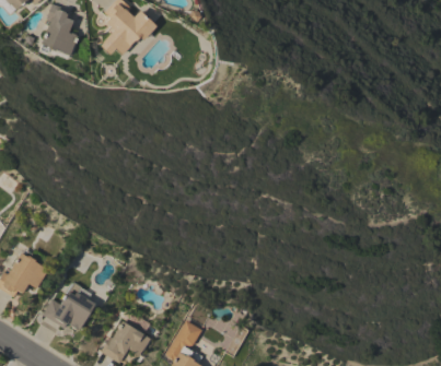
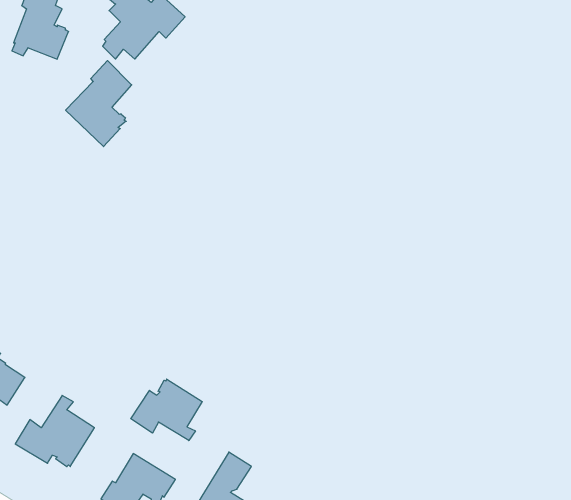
building: none -> [66,61,132,147]
building: none -> [131,379,202,441]

